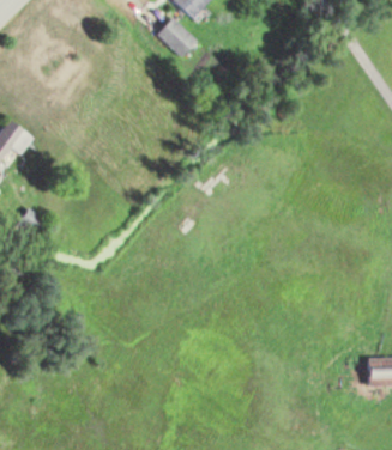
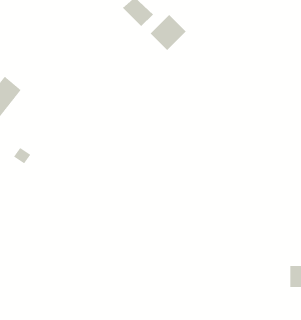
building: none -> [150,14,187,51]

